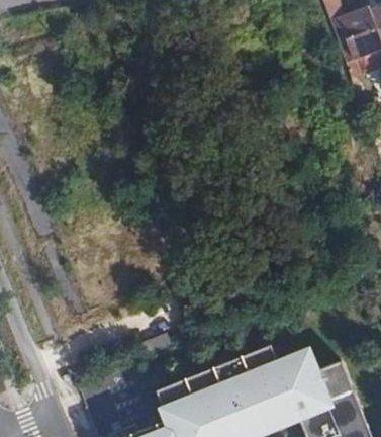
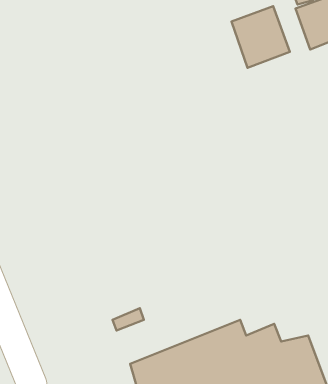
building: none -> [232,6,290,68]

